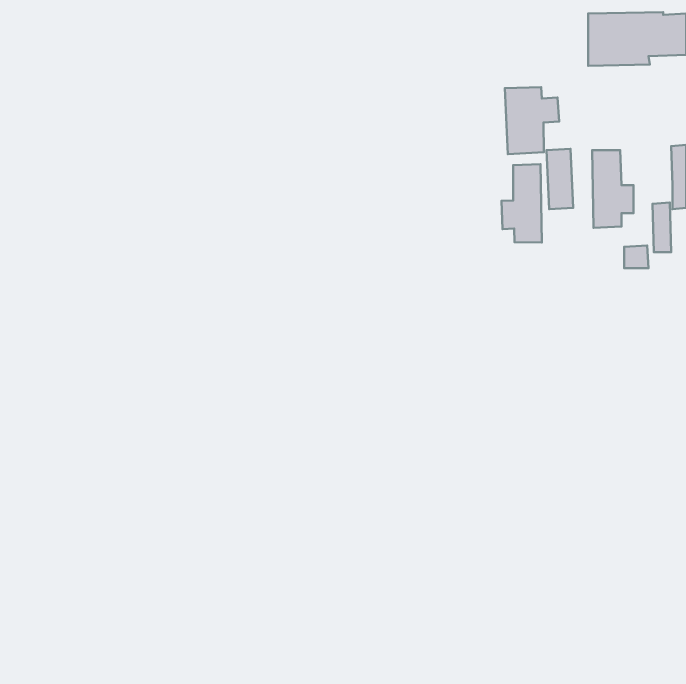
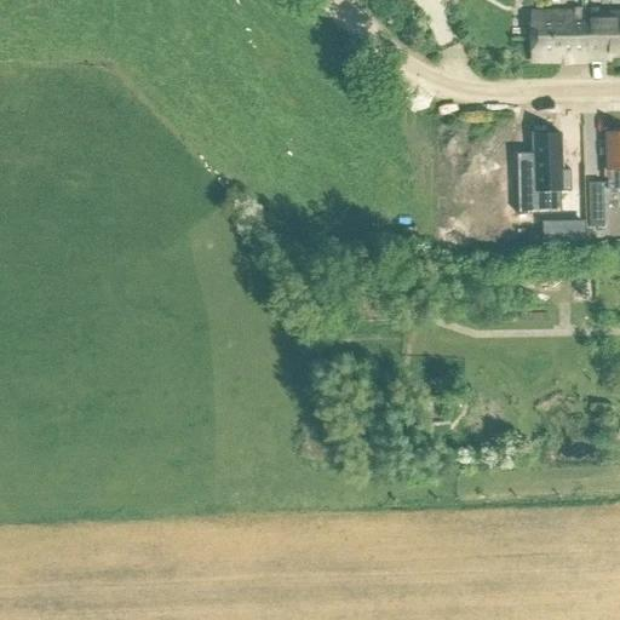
building: [505,87,559,154] -> none
building: [501,164,542,242] -> none

